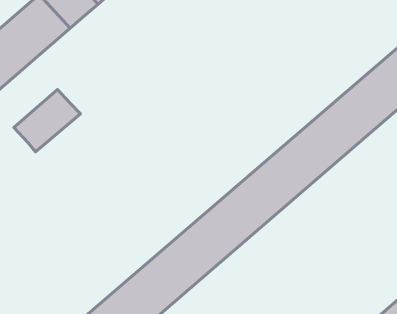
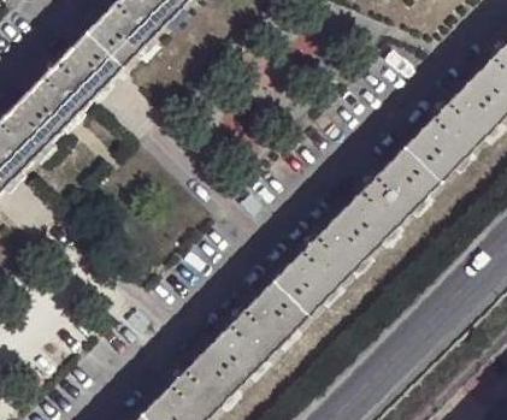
building: [14,90,80,152] -> none

